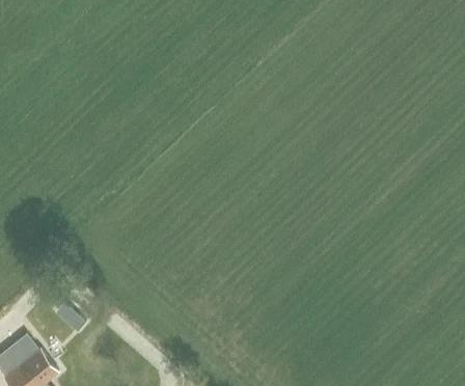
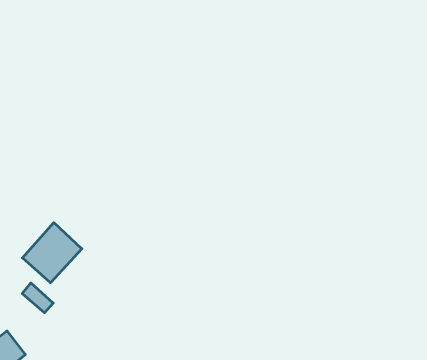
building: none -> [22,223,82,283]

